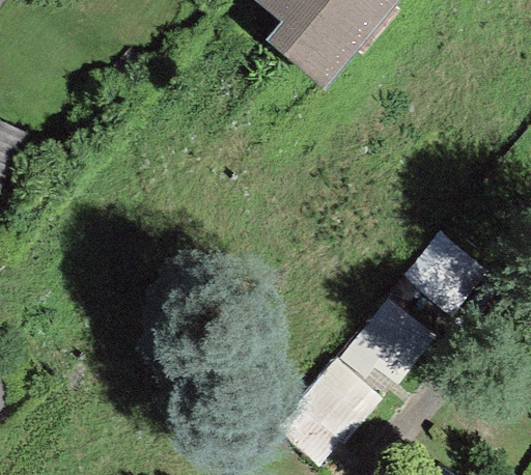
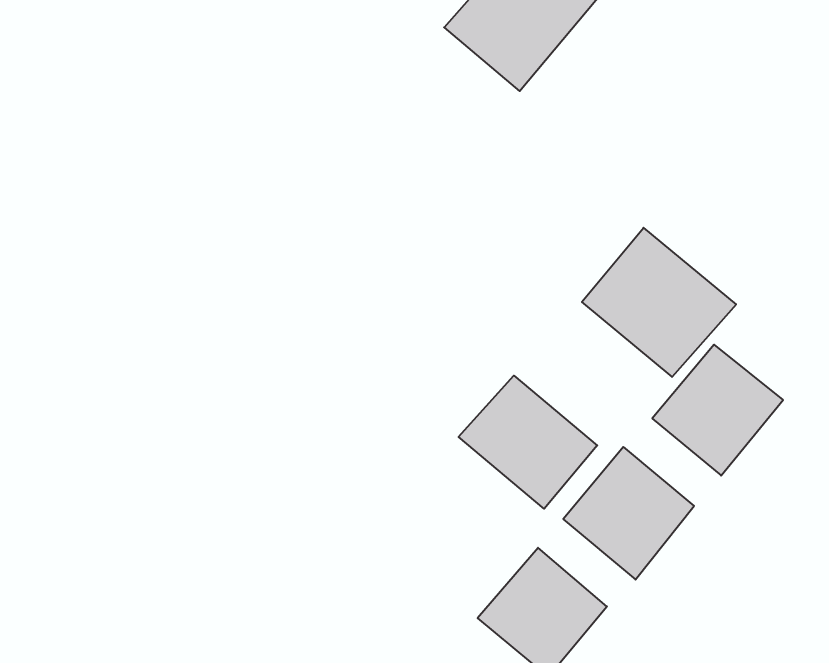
building: none -> [582,228,736,377]
building: none -> [459,376,597,509]

